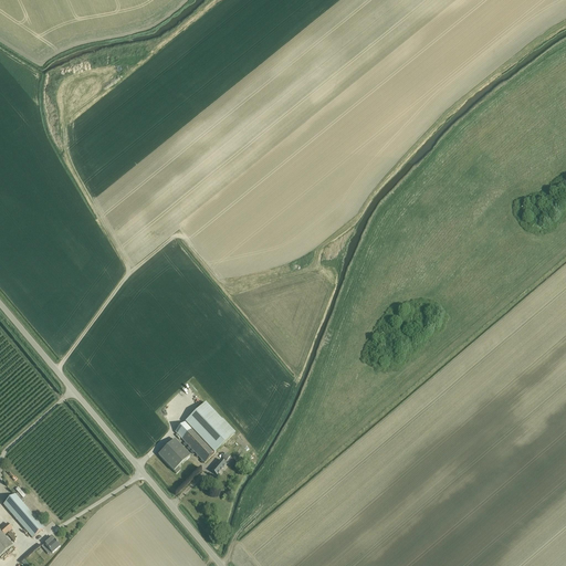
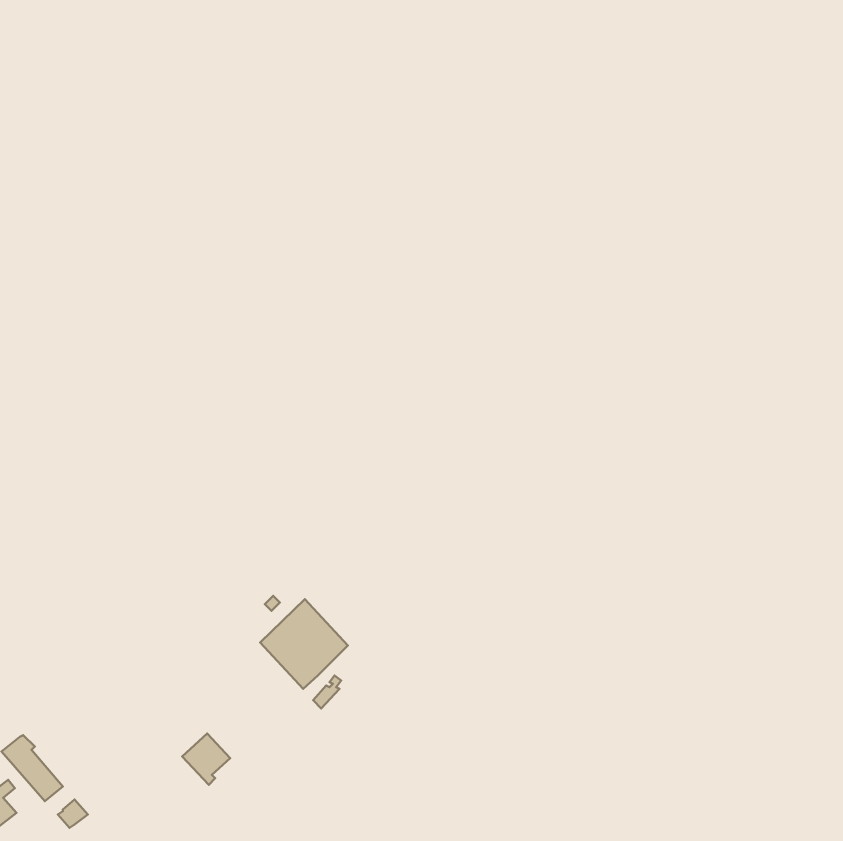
building: [156,437,188,471] -> [182,733,230,785]

